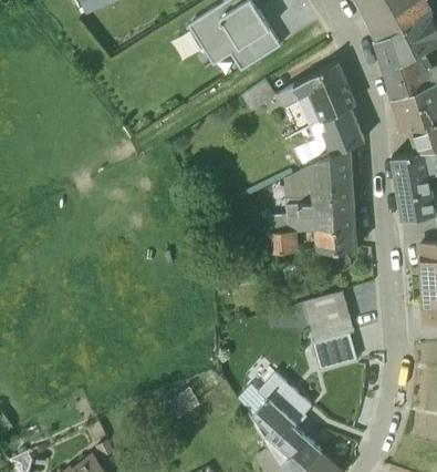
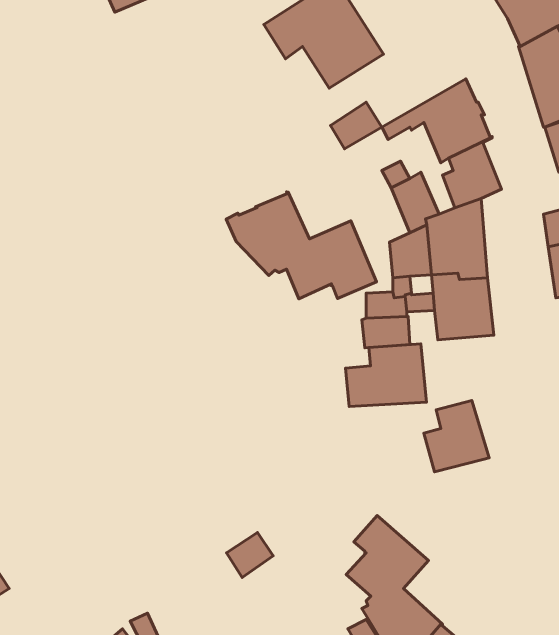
building: none -> [226,192,377,299]
building: none -> [346,344,426,406]
building: [311,335,356,372] -> none

